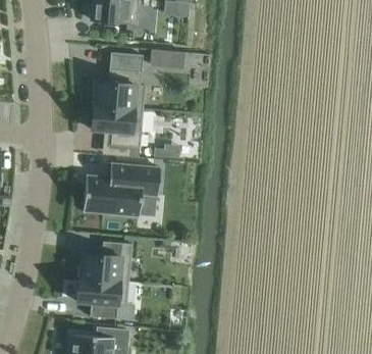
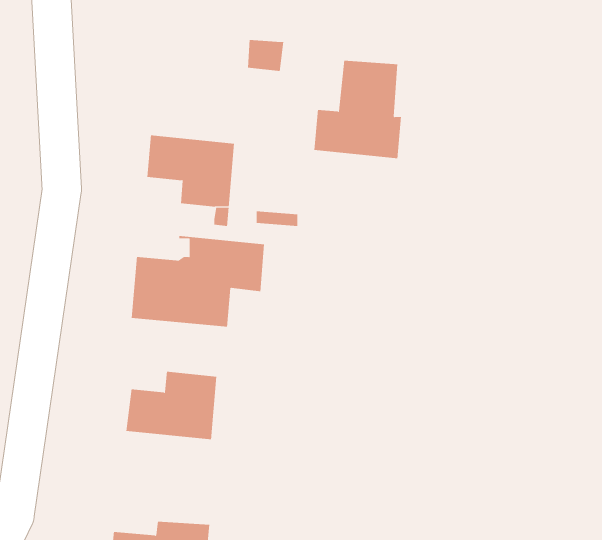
building: [94,53,145,110] -> [314,60,402,159]
building: [77,276,129,319] -> none

